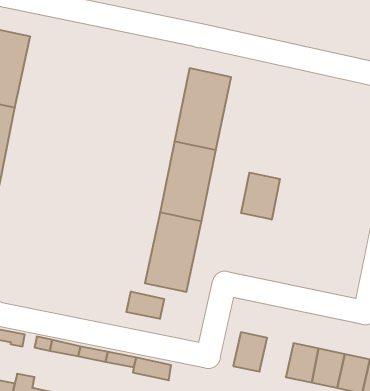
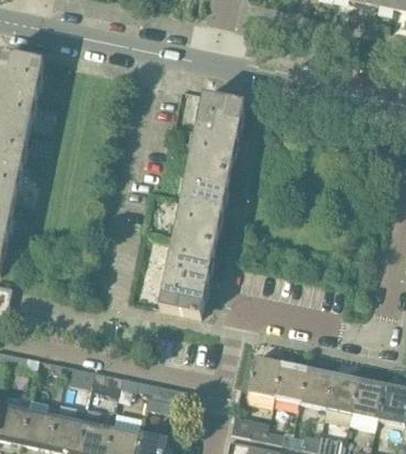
building: [241,173,280,220] -> none
building: [126,291,164,319] -> none
building: none -> [273,362,307,402]

